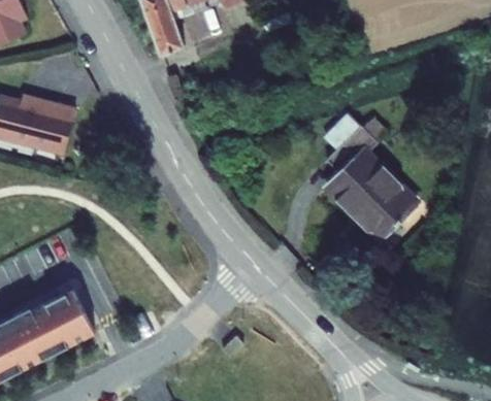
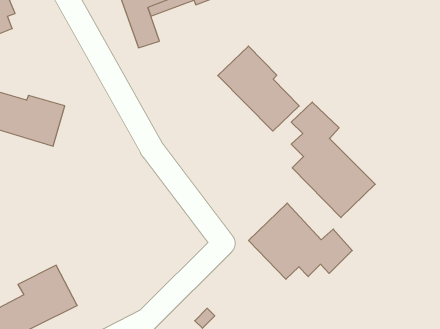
building: none -> [218,46,299,131]
building: none -> [249,203,352,279]

